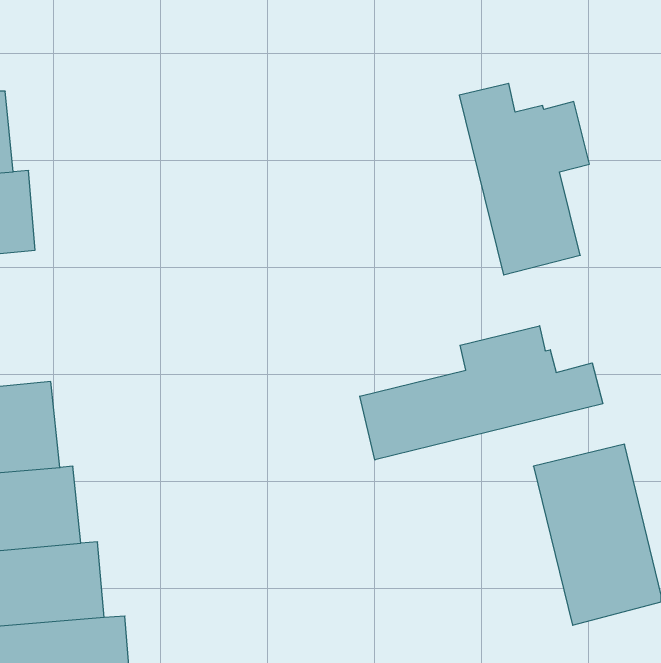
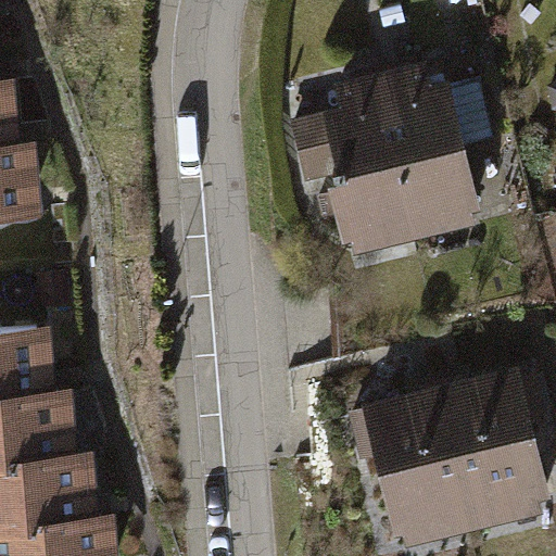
building: none -> [296,81,419,249]
building: [360,326,603,460] -> none
building: none -> [368,392,477,543]

